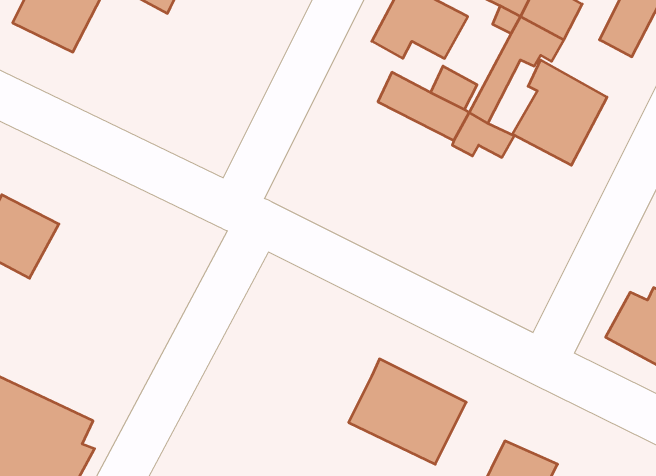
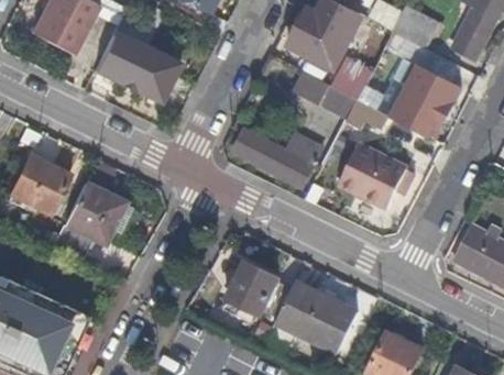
building: none -> [94,30,179,104]
building: none -> [232,130,318,187]
building: none -> [340,132,417,201]
building: none -> [61,183,122,245]
building: none -> [221,260,289,322]

